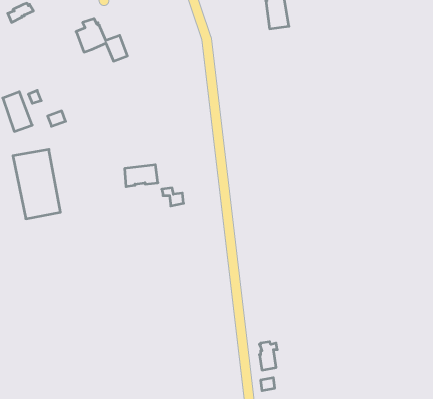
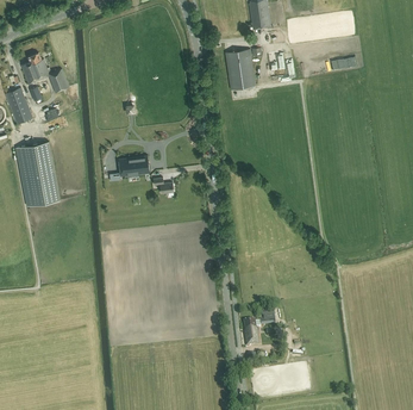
building: [76,19,127,61] -> [21,52,69,92]
building: none -> [225,49,256,89]

